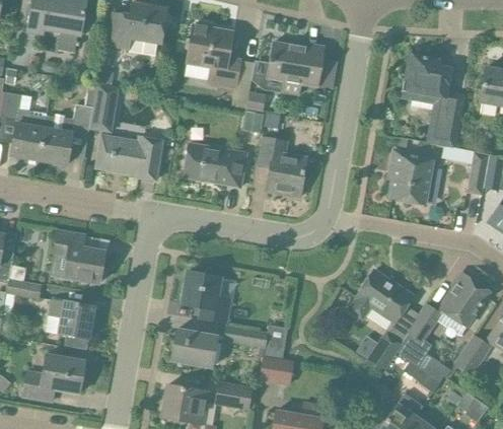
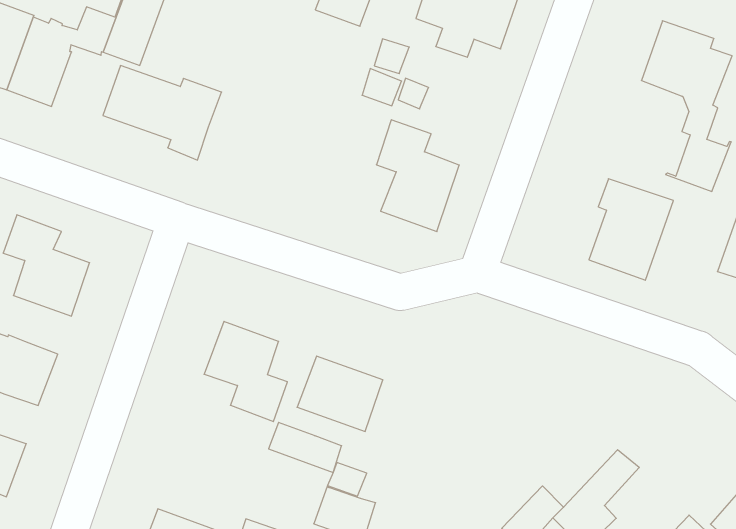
building: [183,142,246,187] -> none
building: [350,270,413,323] -> none
building: [439,274,489,326] -> none
building: [170,329,217,367] -> [297,356,383,431]

